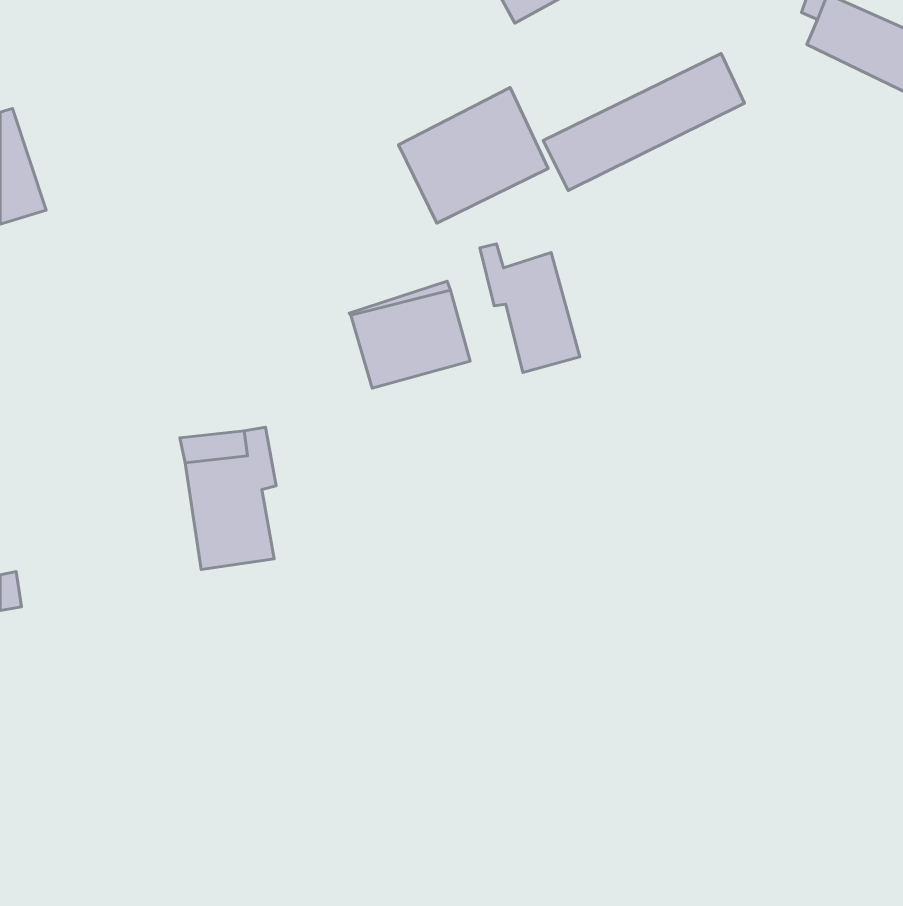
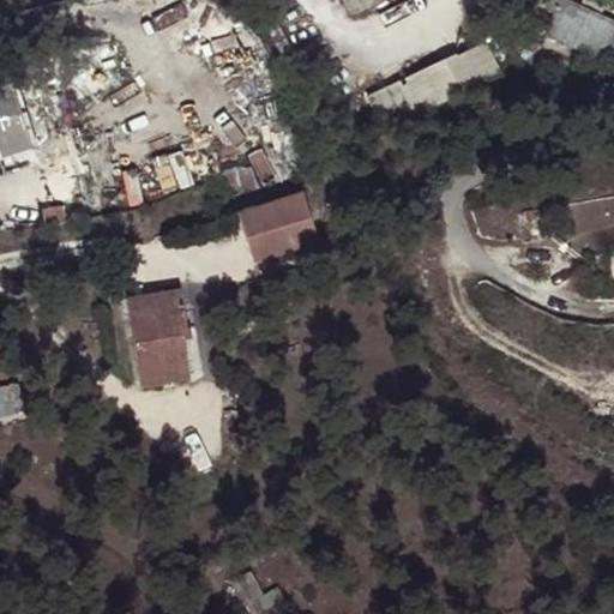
building: [399,87,548,223] -> none
building: [480,244,580,373] -> none

